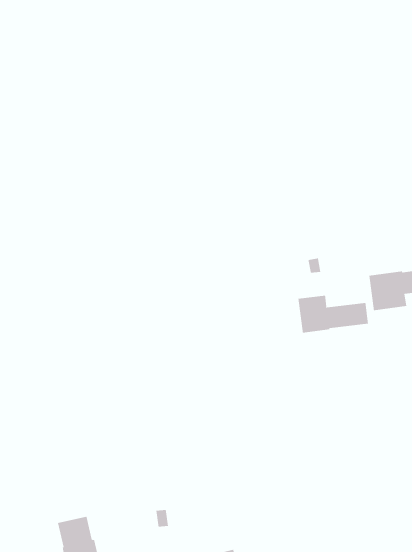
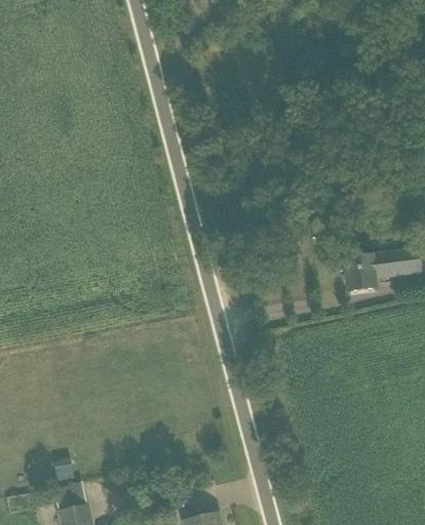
building: [298,295,368,333] -> none

